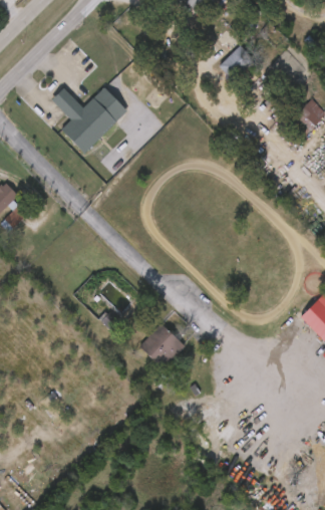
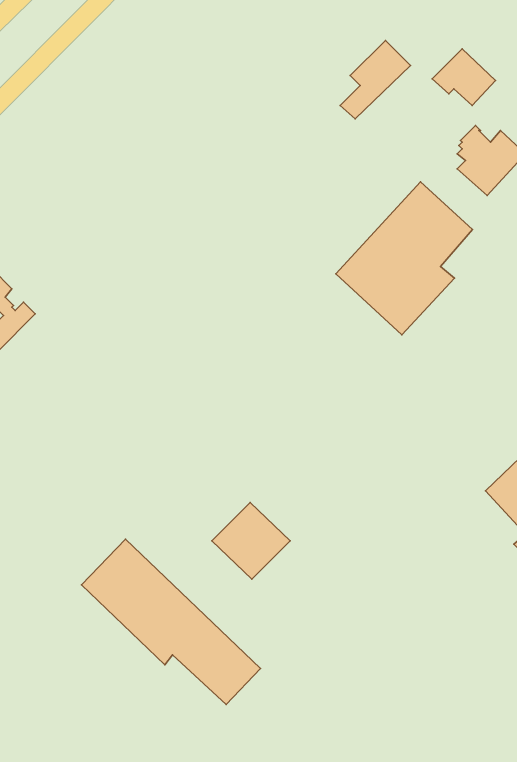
building: [52,86,127,153] -> none
building: none -> [336,182,472,335]
building: none -> [82,539,260,705]

